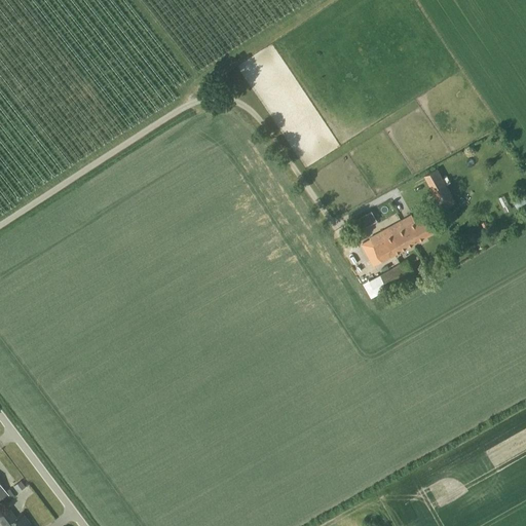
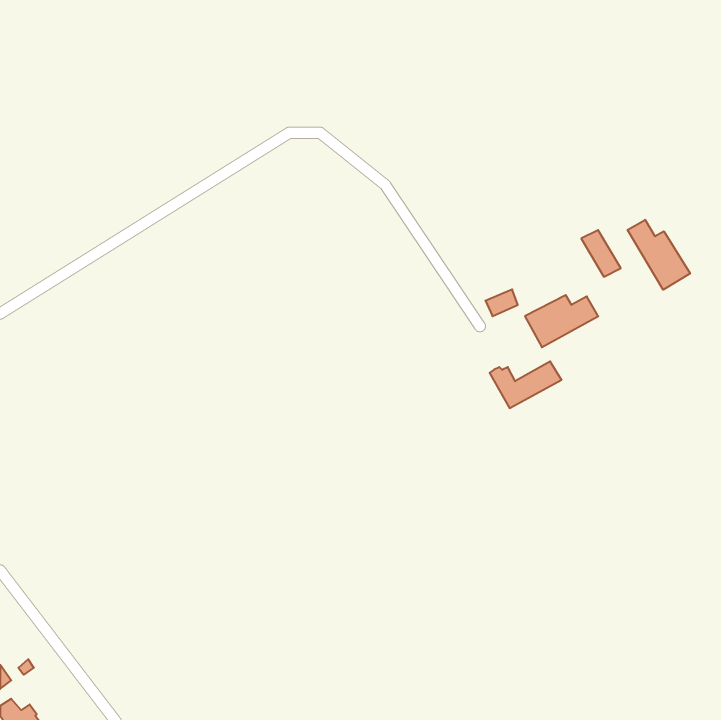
building: none -> [628,220,690,290]
building: [362,231,394,265] -> none

